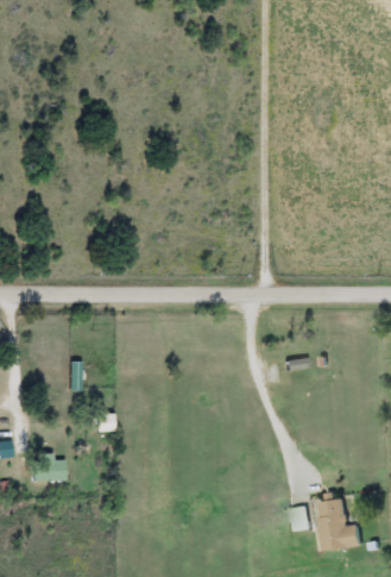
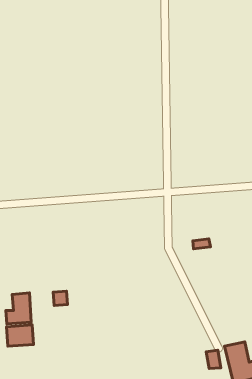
building: none -> [6,293,31,324]

